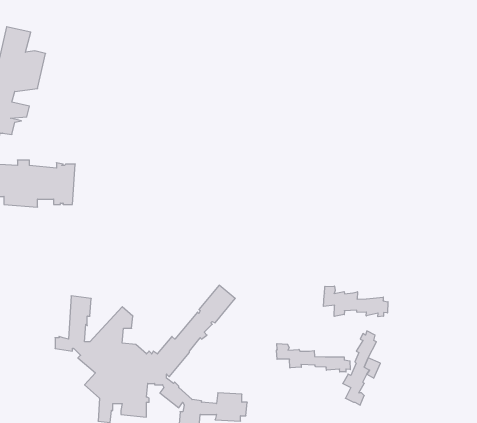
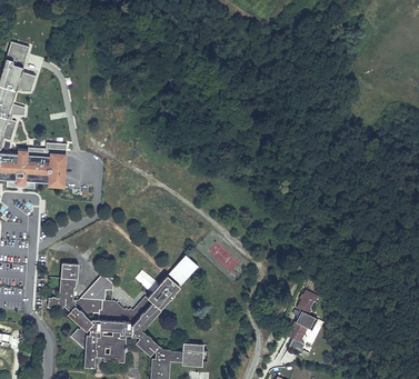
building: [324,286,388,317] -> none
building: [277,344,350,372] -> none

